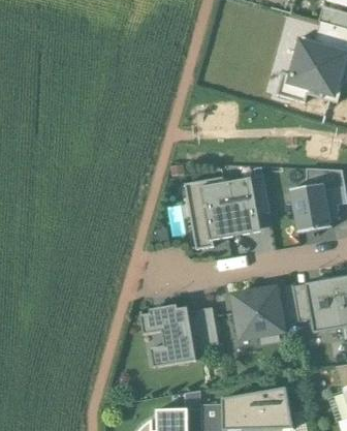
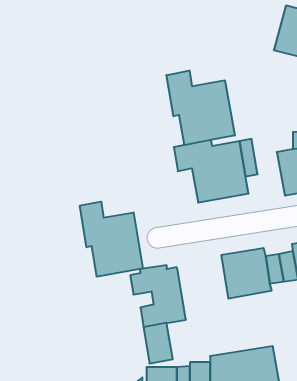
building: none -> [166,71,235,145]
building: none -> [80,202,143,277]
building: [188,307,218,348] -> [143,323,173,363]

